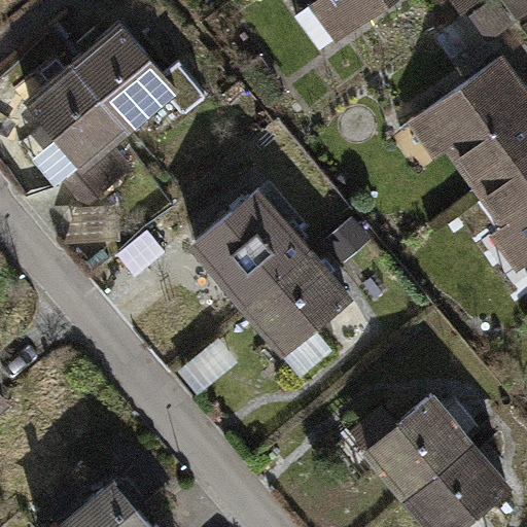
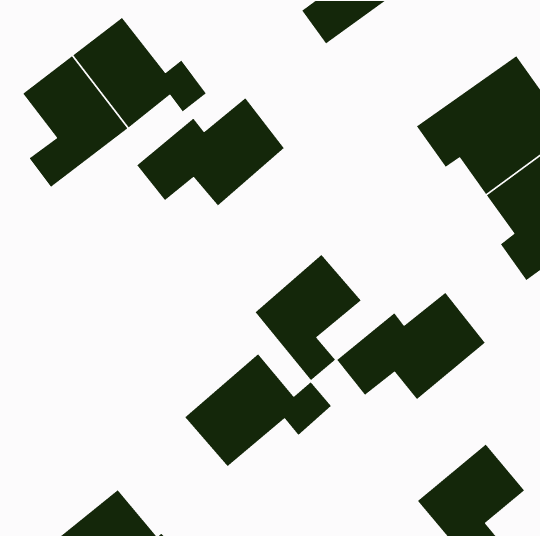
building: [170,203,314,309] -> [136,97,285,207]
building: none -> [184,353,332,467]
building: [328,387,473,492] -> [336,292,486,400]

